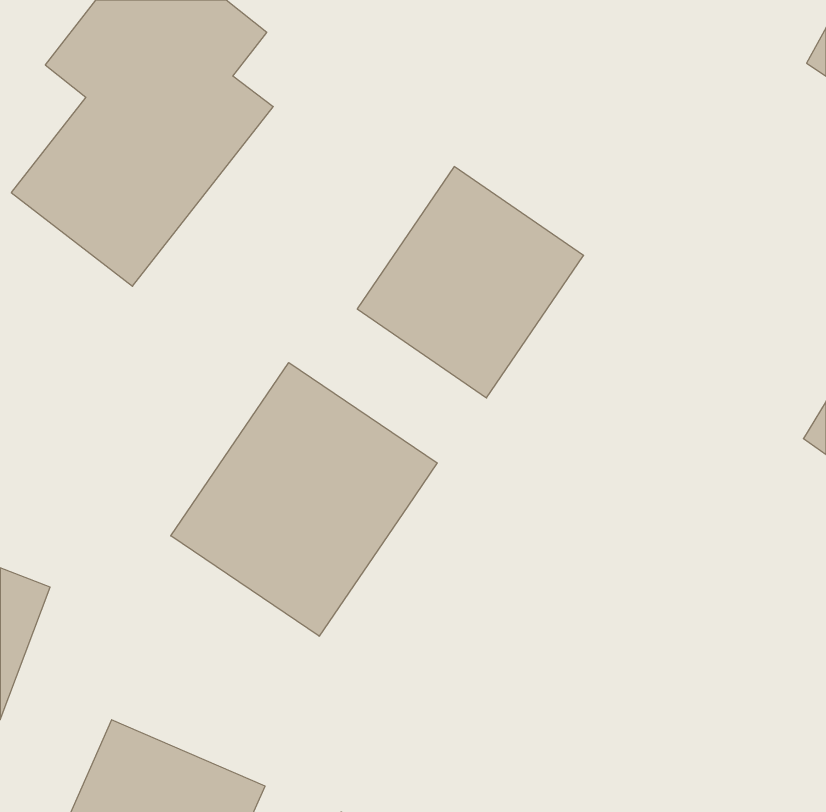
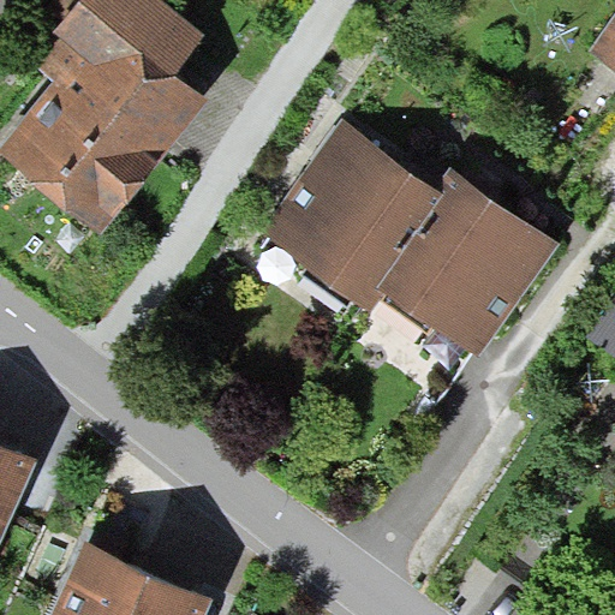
building: none -> [380,184,541,346]
building: [171,363,437,636] -> none

